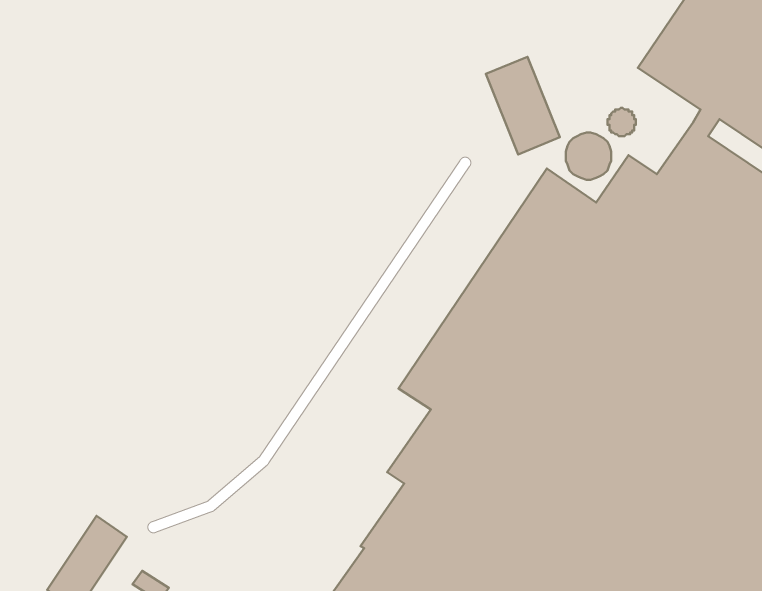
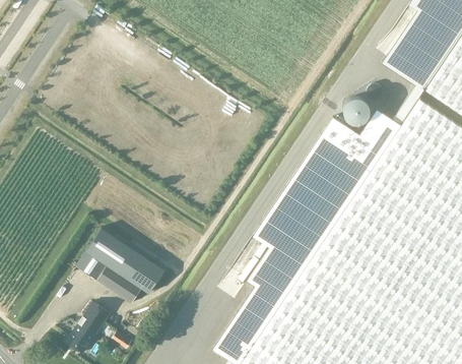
building: [486,57,560,154] -> none
building: none -> [77,231,166,305]

